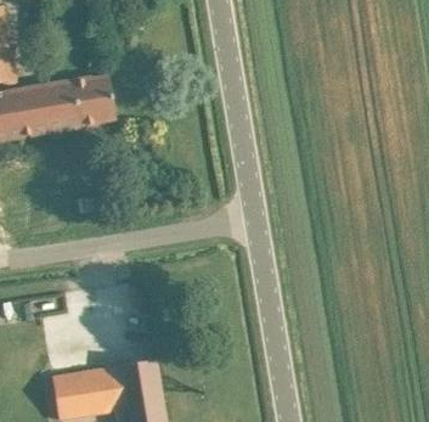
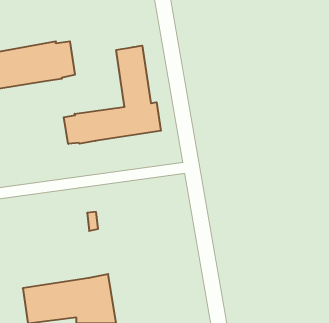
building: none -> [64,46,161,144]

